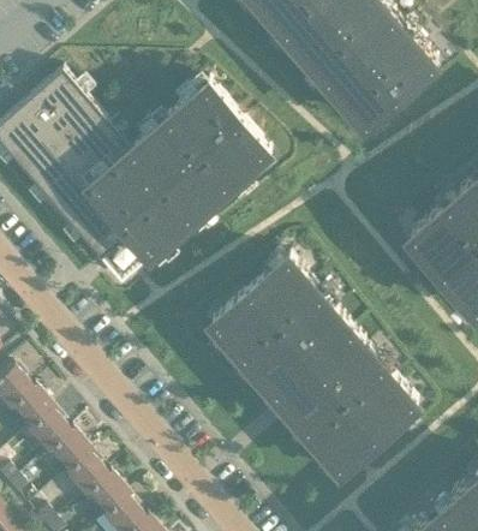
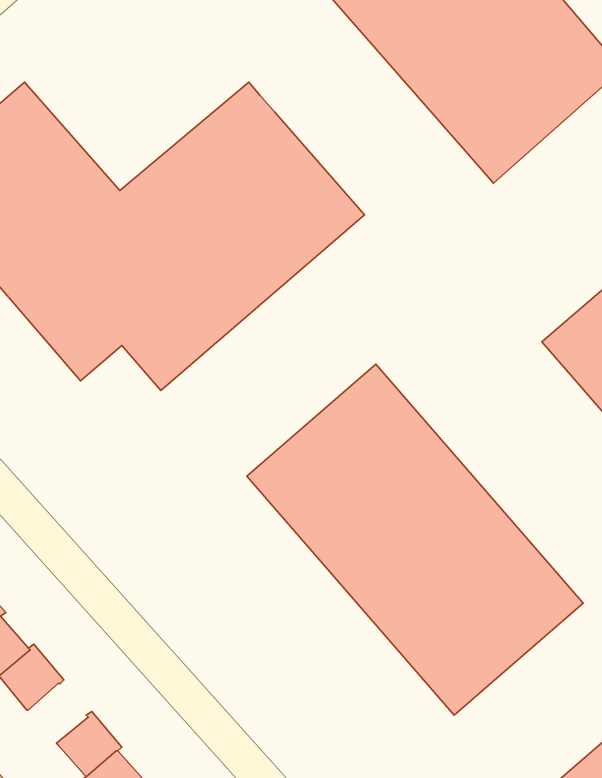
building: [61,463,103,505] -> none

